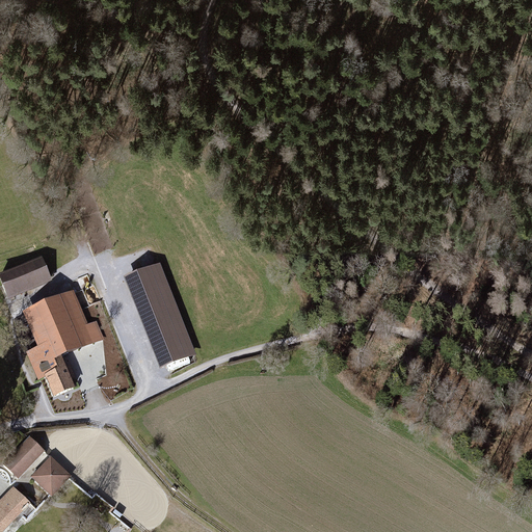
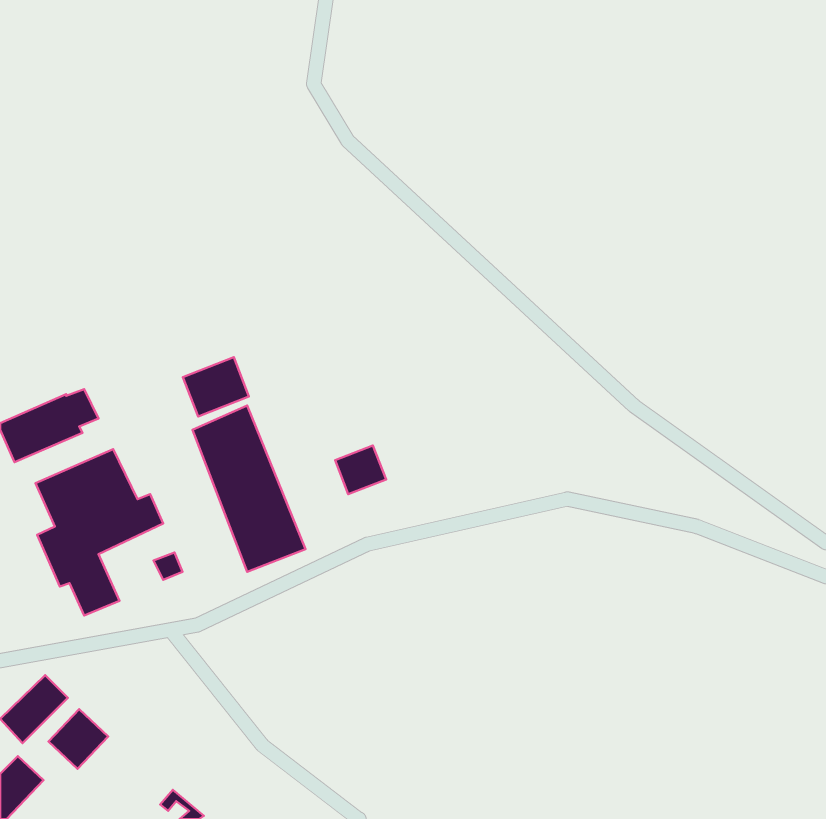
building: none -> [183,357,249,416]
building: none -> [335,445,386,494]

